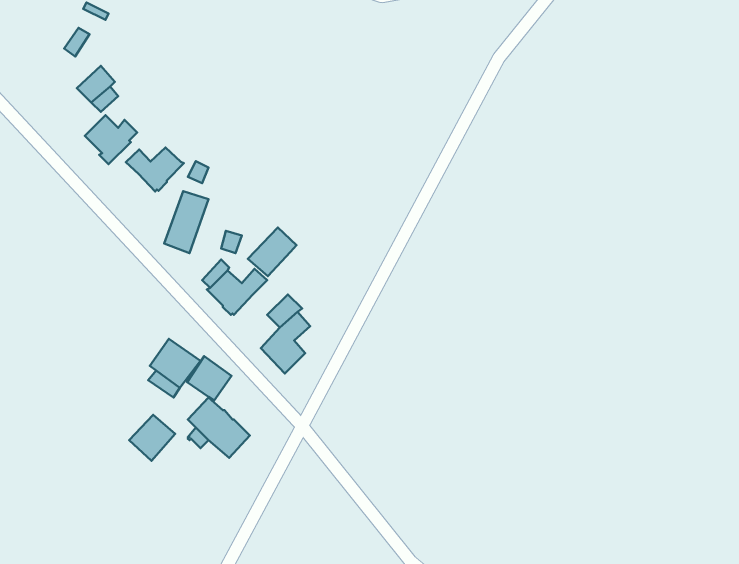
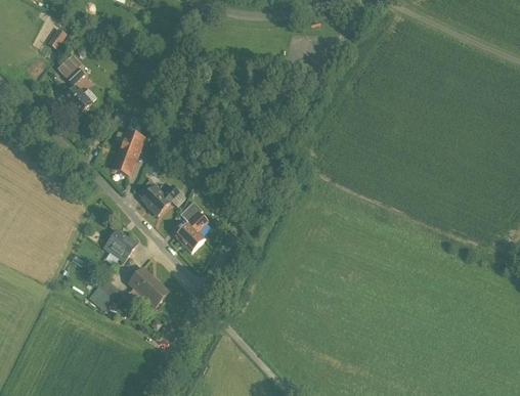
building: [126,147,184,191] -> none
building: [248,227,297,276] -> none
building: [187,356,232,401] -> none

